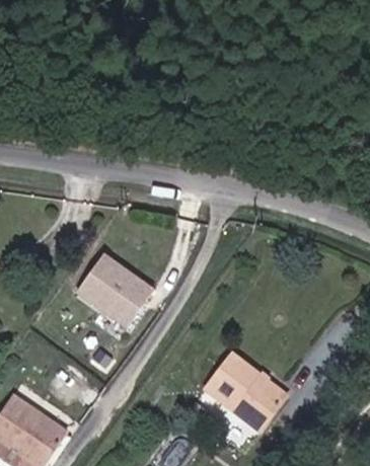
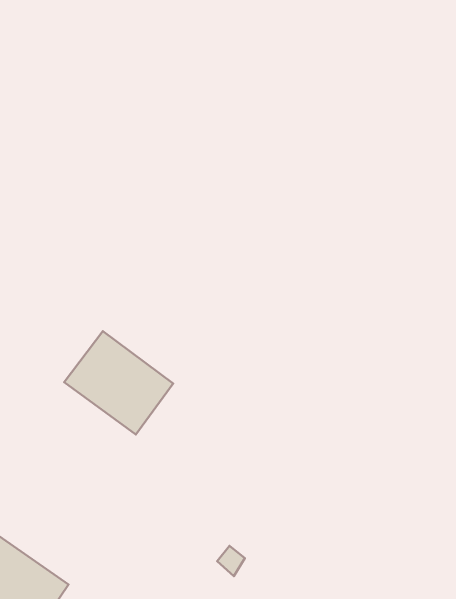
building: [202,359,280,432] -> none

